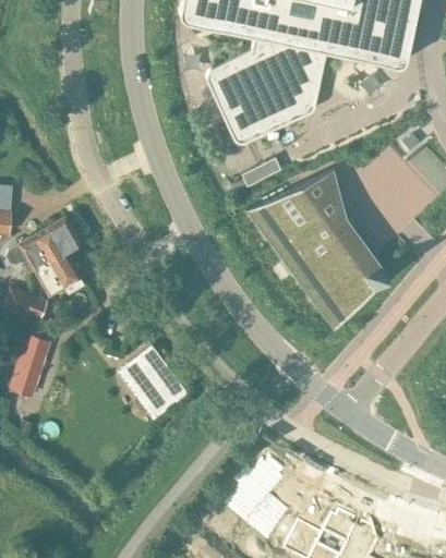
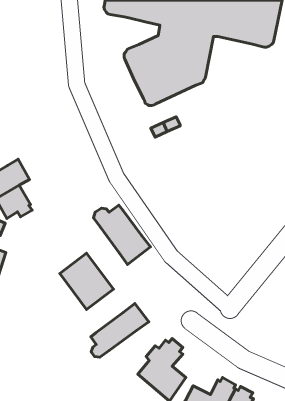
building: [246,168,387,328] -> none
building: none -> [94,205,151,265]
building: none -> [91,303,149,357]

